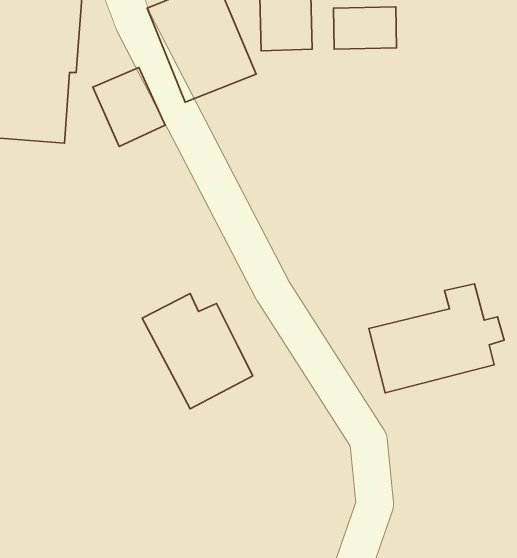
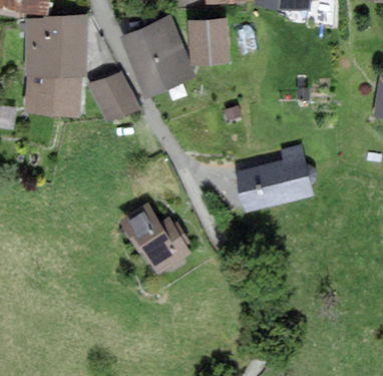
building: [334,7,397,49] -> none
building: [369,284,504,393] -> [234,145,316,212]

